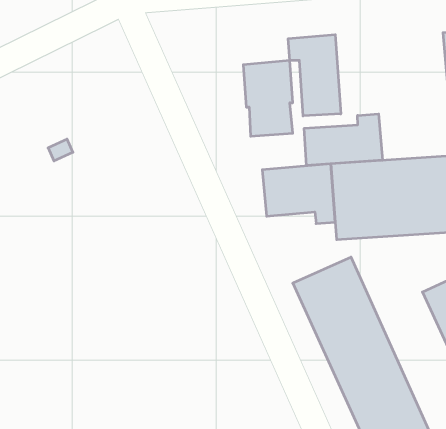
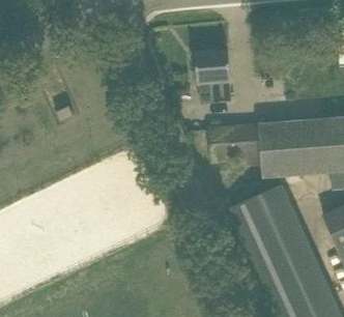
building: [288,35,341,116] -> none
building: [304,114,382,166] -> none

